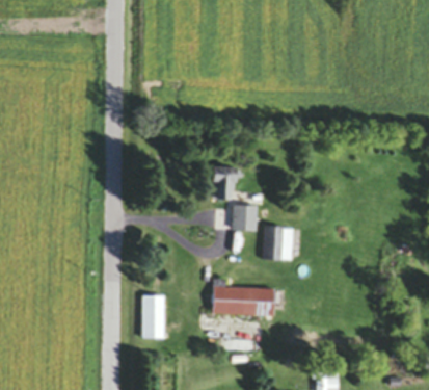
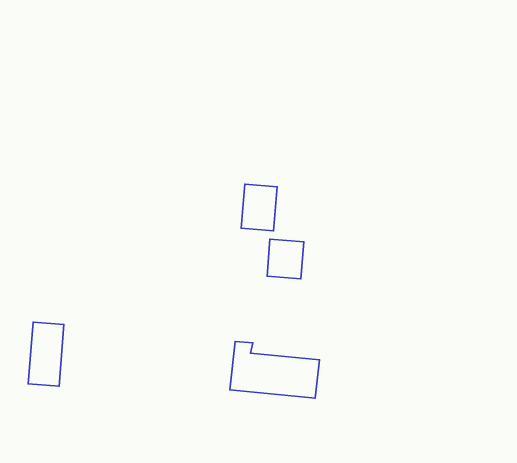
building: [264,226,292,259] -> none
building: [142,294,164,338] -> [28,322,64,386]

